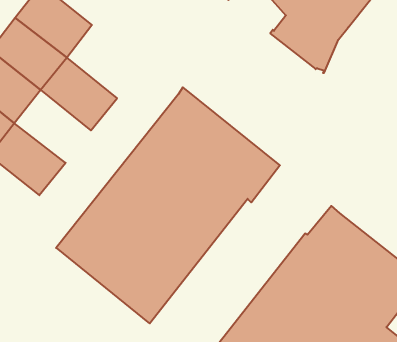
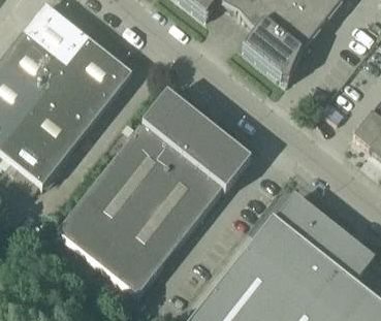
building: none -> [66,37,132,100]
building: none -> [21,93,87,156]

